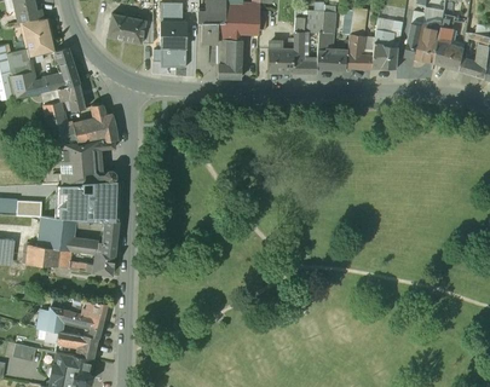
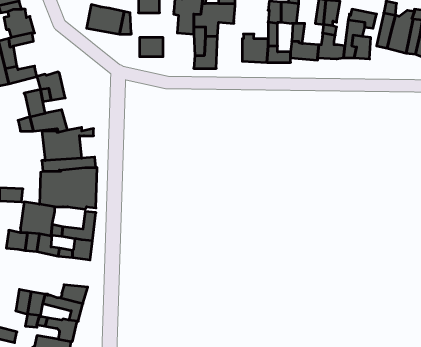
building: [160,22,185,47] -> none
building: [53,47,77,87] -> none
building: [81,104,116,141] -> none

